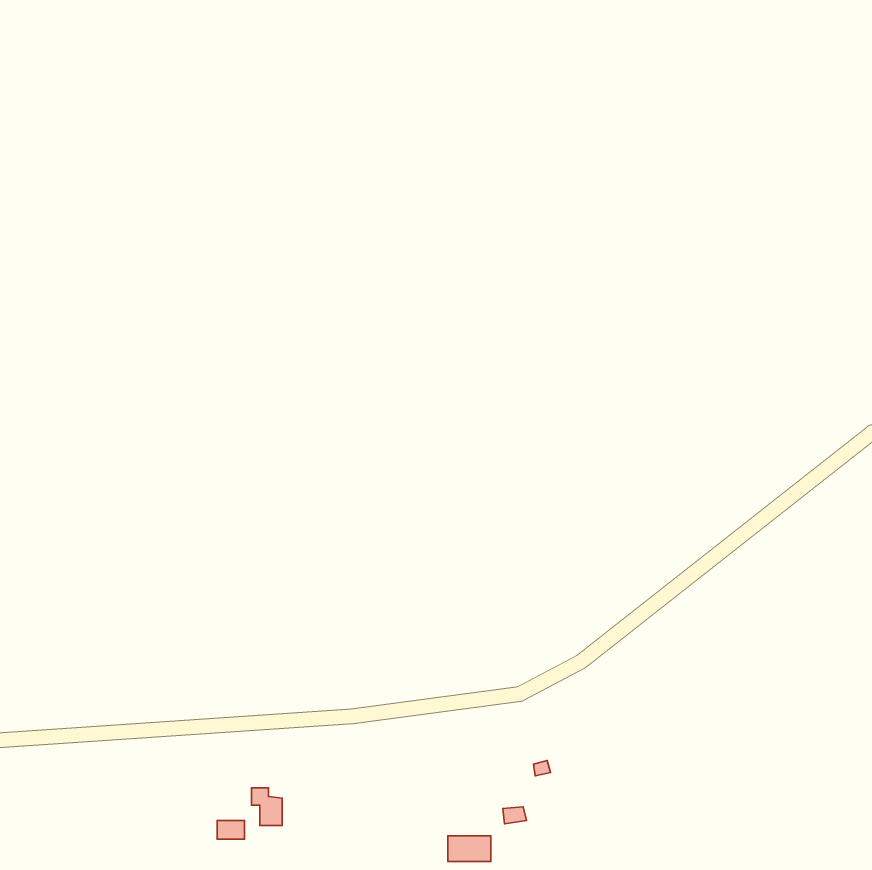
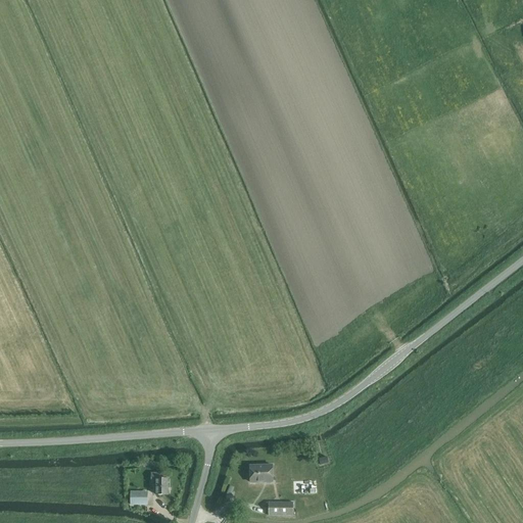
building: none -> [248,463,273,481]

